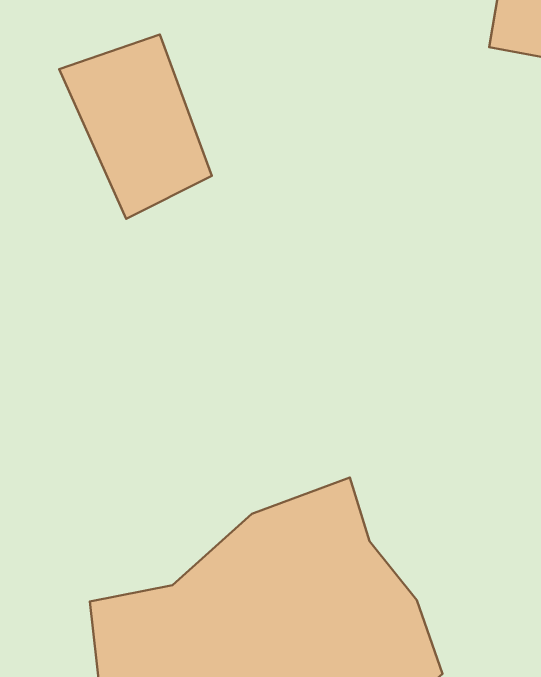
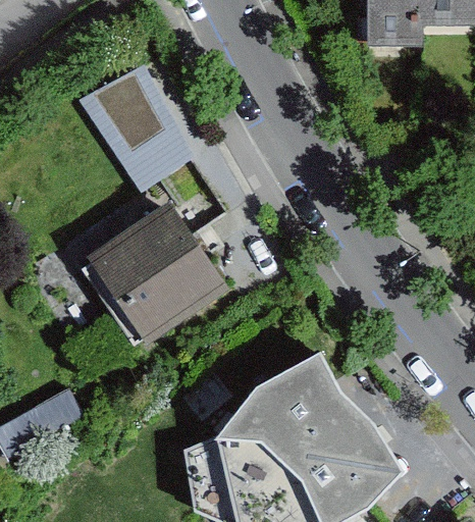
building: none -> [83,219,212,348]

